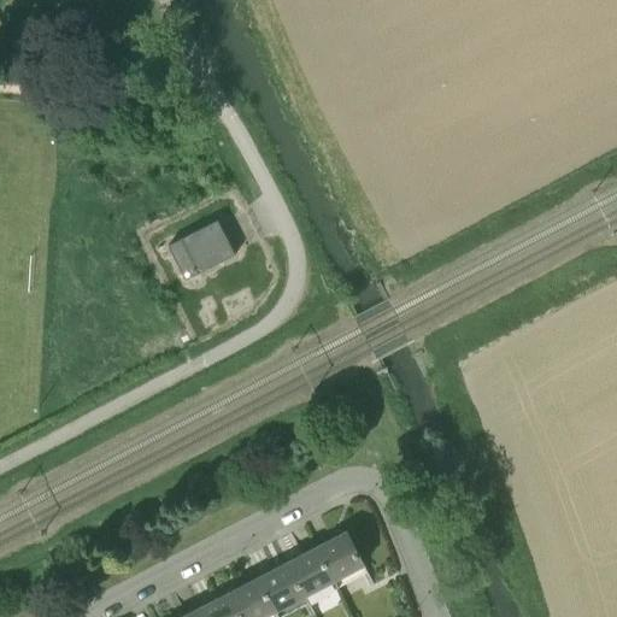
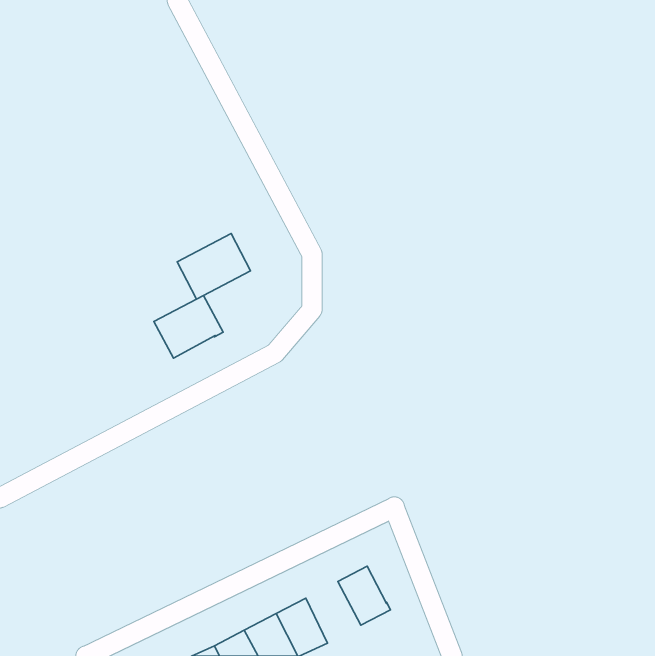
building: none -> [154,295,223,358]
building: [287,546,339,604] -> none

